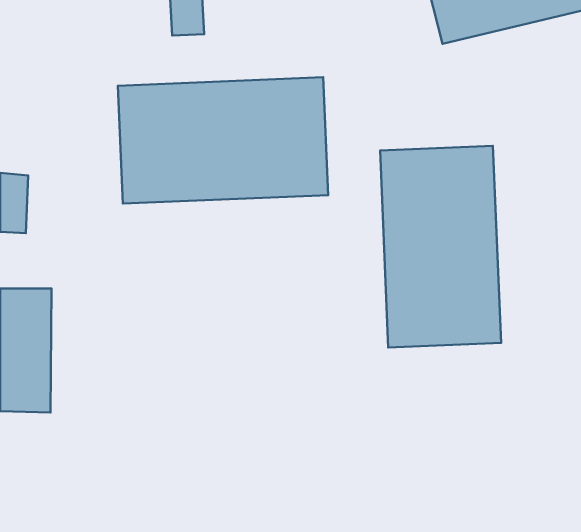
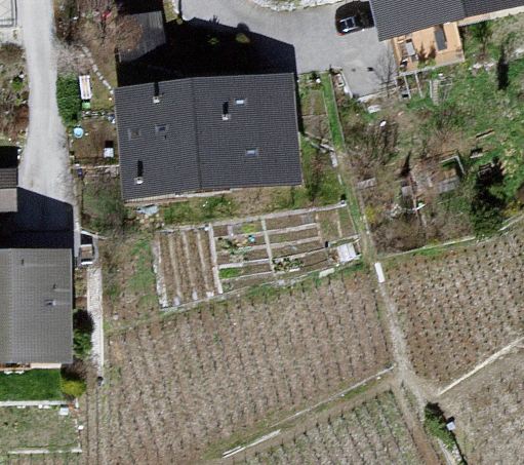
building: [380,146,501,348] -> none

